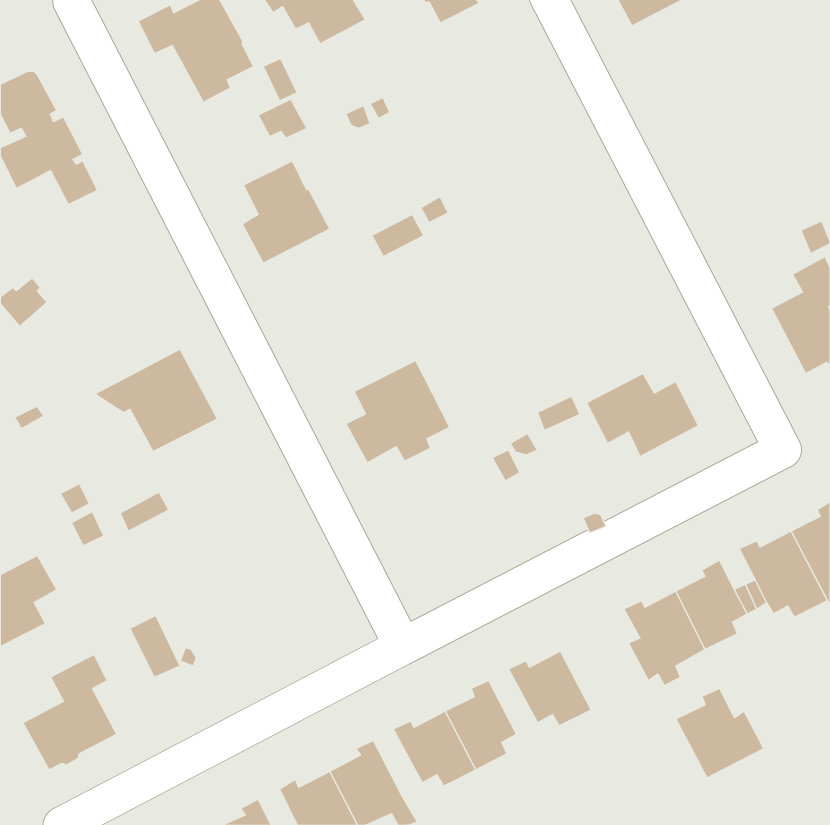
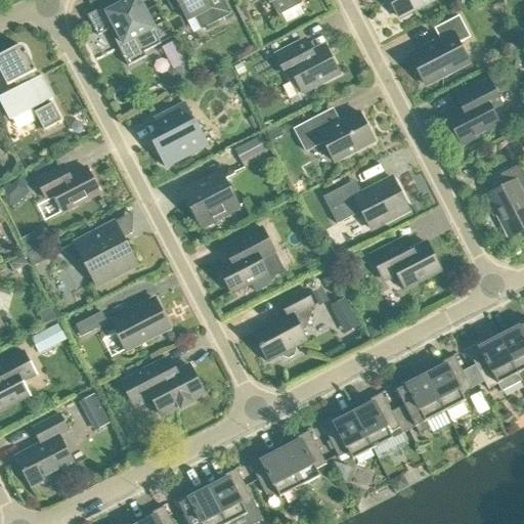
building: none -> [409,14,470,83]
building: none -> [275,41,338,91]
building: none -> [445,78,501,145]
building: none -> [294,111,374,161]
building: none -> [36,164,99,211]
building: none -> [179,169,238,227]
building: none -> [322,177,408,227]
building: none -> [252,288,313,360]
building: none -> [336,294,360,329]
building: none -> [111,297,169,349]
building: none -> [122,356,203,413]
building: [676,688,764,778] -> [353,391,408,447]

